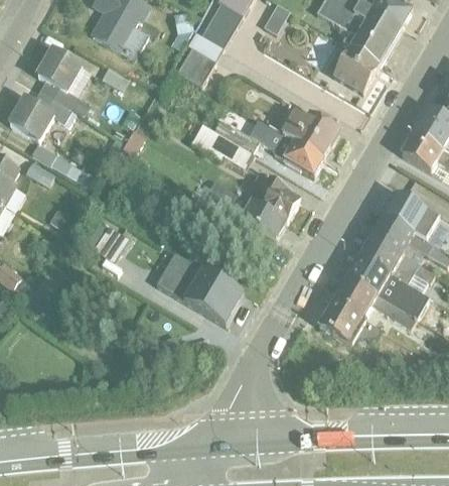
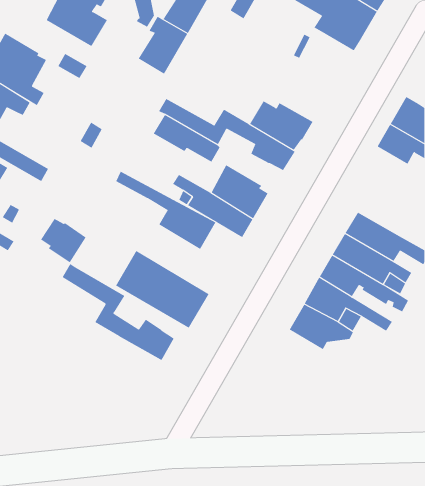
building: [331,45,380,93] -> none
building: none -> [115,171,216,250]
building: [383,192,438,239] -> none
building: none -> [62,263,174,360]

